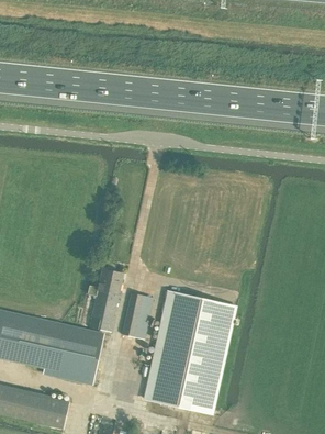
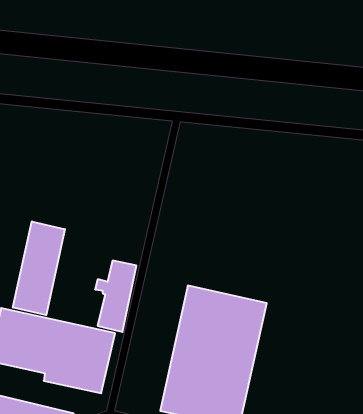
building: none -> [13,221,65,315]
building: [122,292,153,338] -> none

